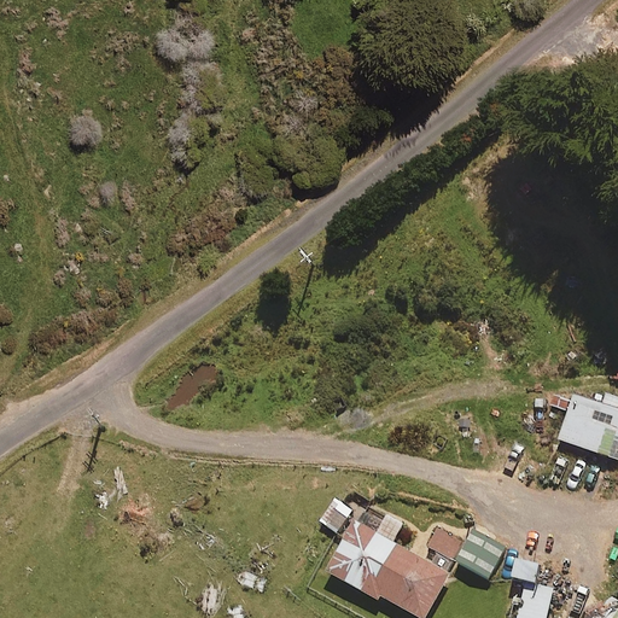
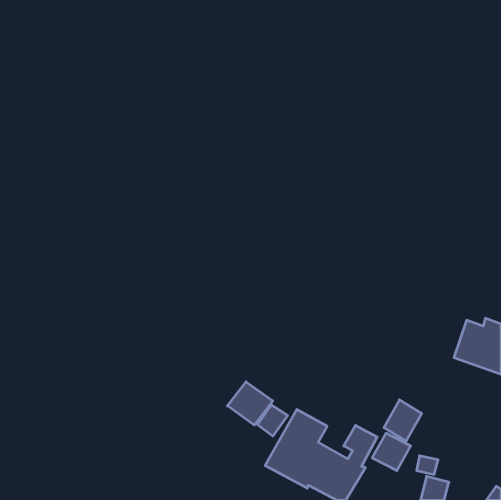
building: none -> [227,382,273,425]
building: none -> [384,400,422,441]

